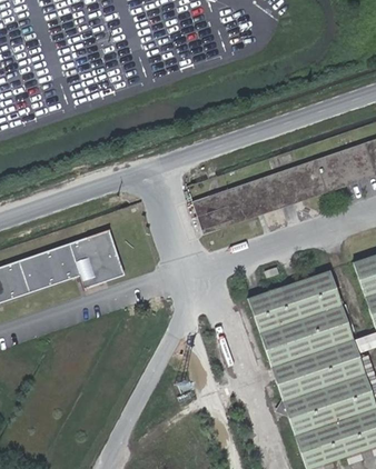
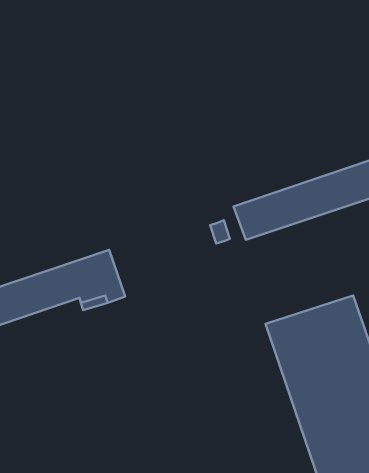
building: [202,192,231,229] -> none

